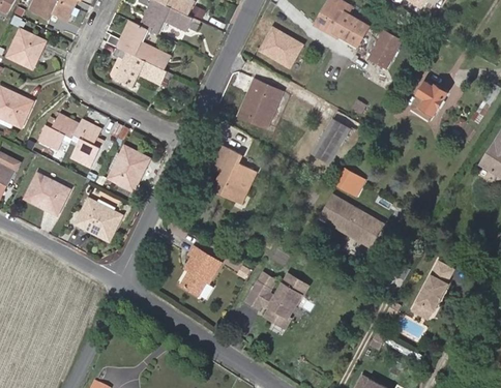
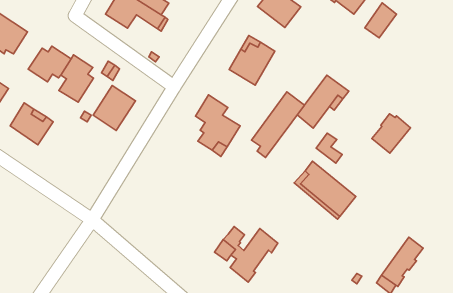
building: [411,81,448,120] -> [372,114,411,153]
building: none -> [251,92,304,158]
building: [77,198,122,239] -> none
building: [181,245,222,294] -> none

